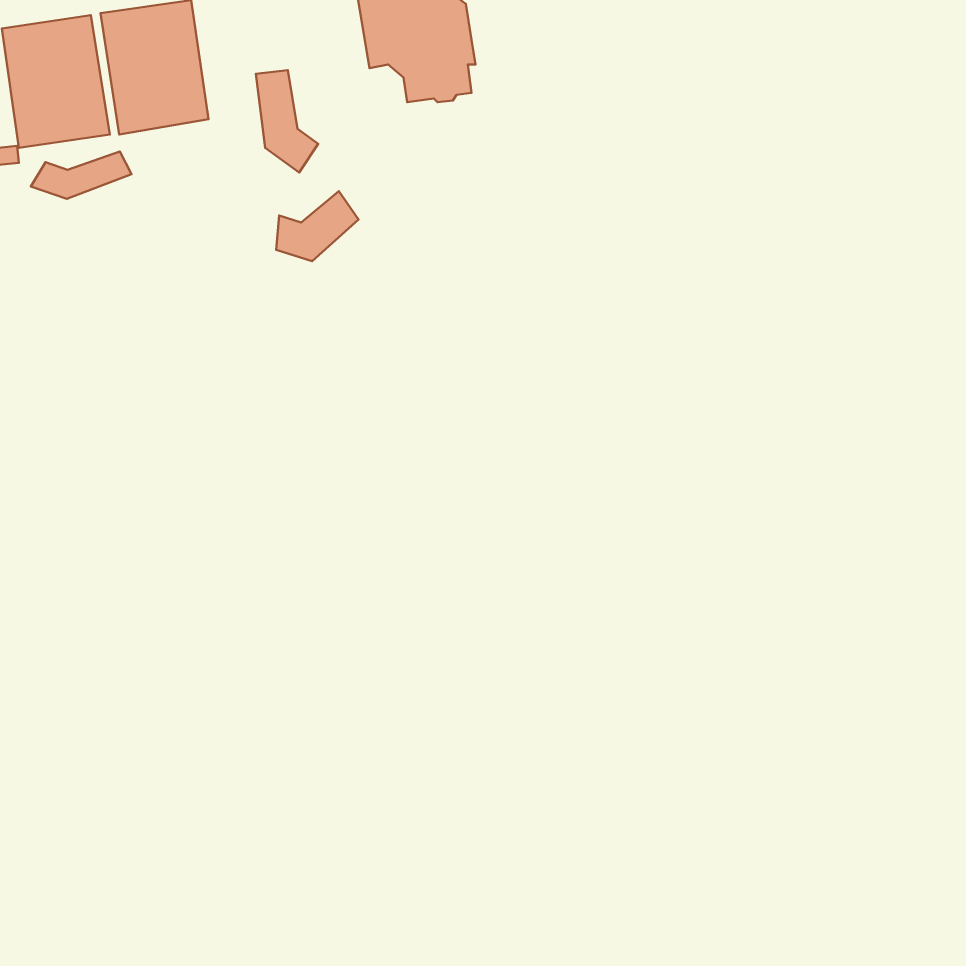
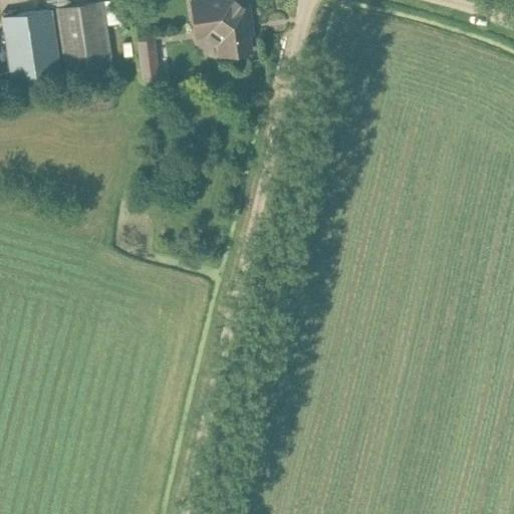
building: [31,151,132,199] -> none
building: [276,191,358,261] -> none

